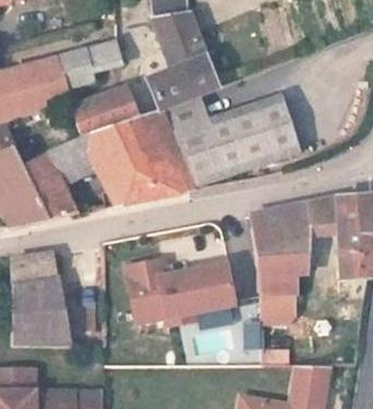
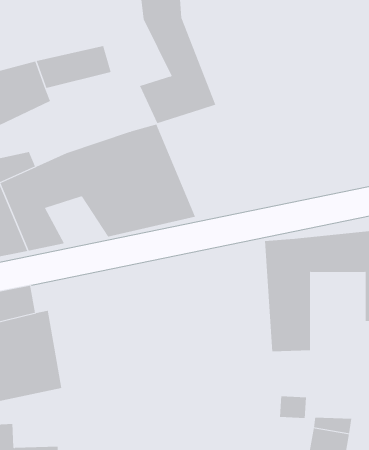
building: [67,80,136,134] -> none
building: [159,96,304,190] -> none
building: [125,255,234,321] -> none

